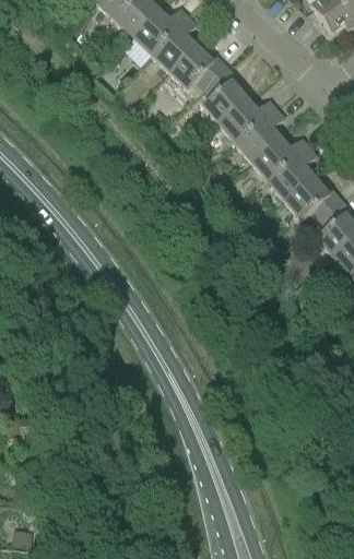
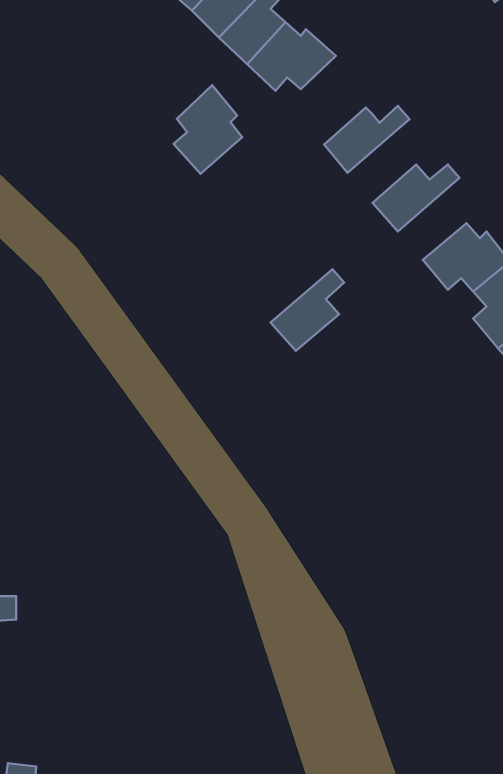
building: [202,67,247,124] -> [174,85,242,174]
building: [235,108,284,163] -> none
building: [268,146,316,200] -> [271,269,344,351]

